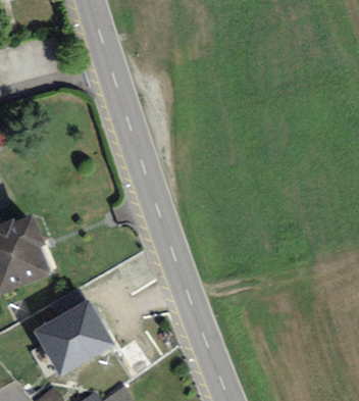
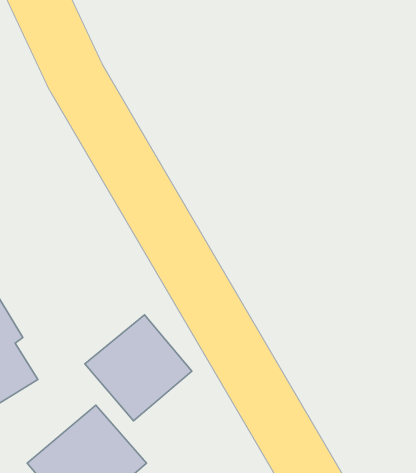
building: none -> [85,315,192,421]

